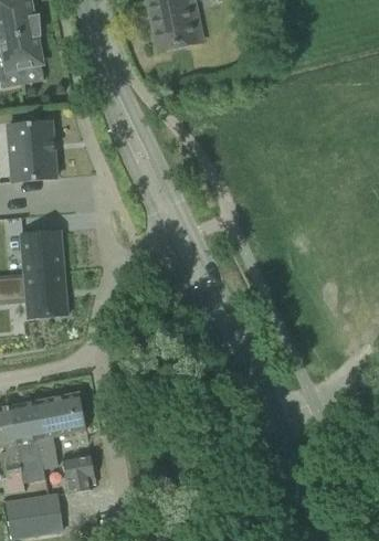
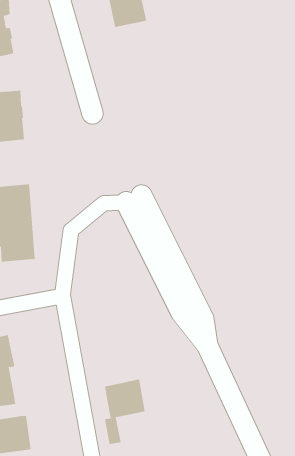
building: [38,392,85,467] -> [104,379,146,444]
building: [62,453,96,494] -> none

